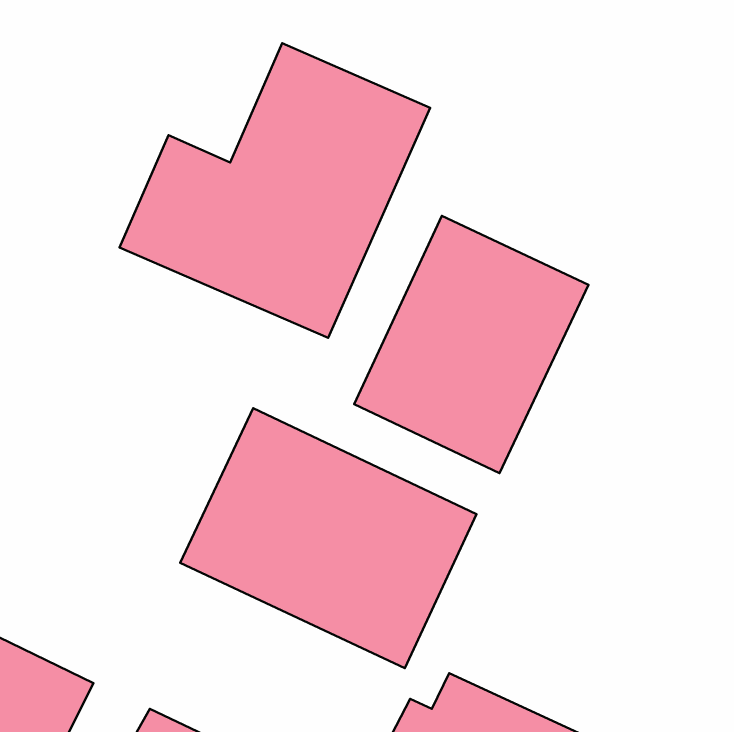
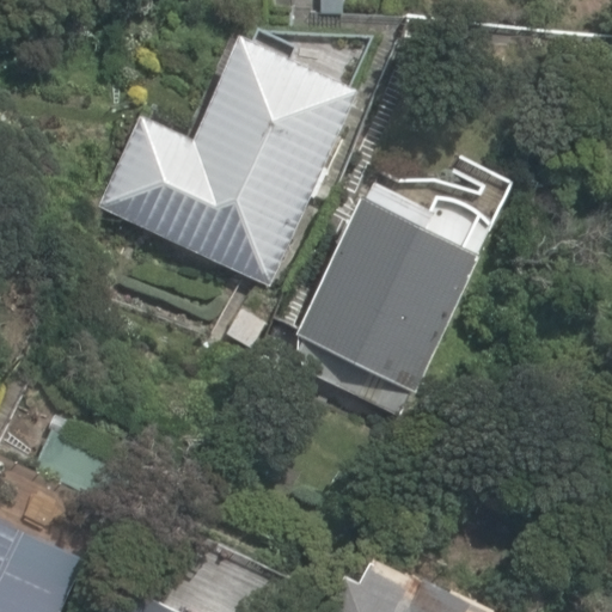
building: [180,408,477,668] -> none

